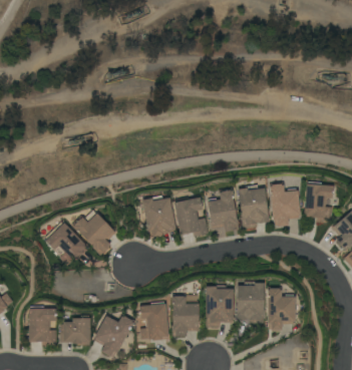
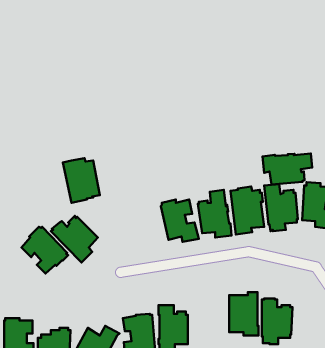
building: none -> [262,153,312,184]
building: [141,197,175,238] -> [63,158,100,203]
building: [205,286,233,327] -> none

